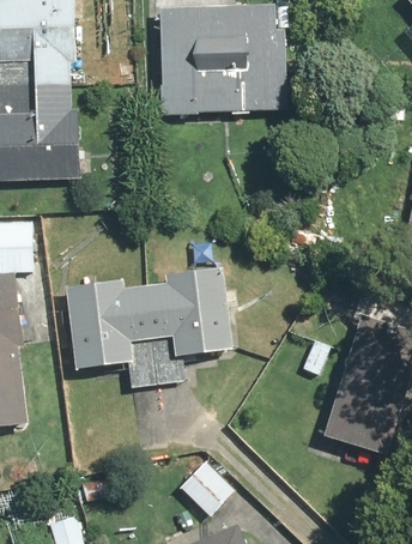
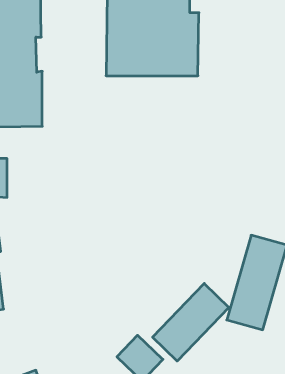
building: [67,267,234,387] -> none
building: none -> [153,283,229,361]

